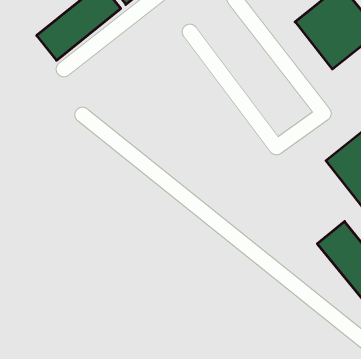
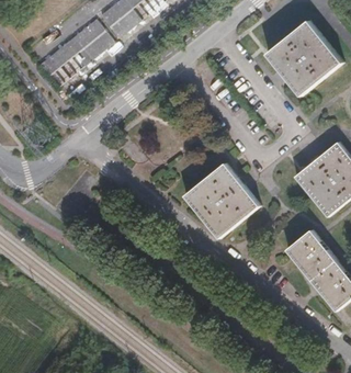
building: none -> [184,163,258,238]

